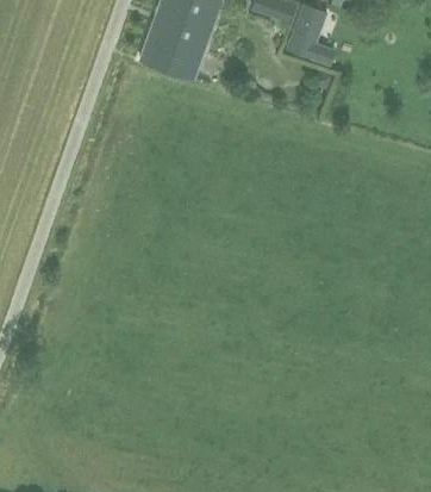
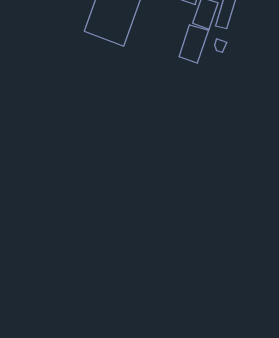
building: none -> [179,25,208,63]

